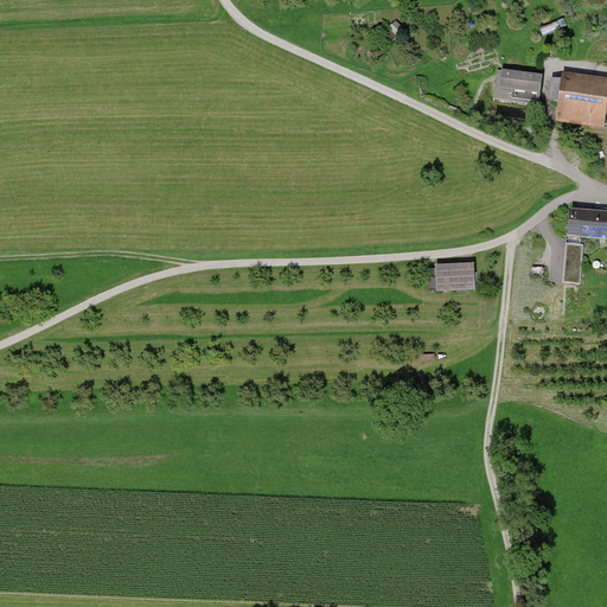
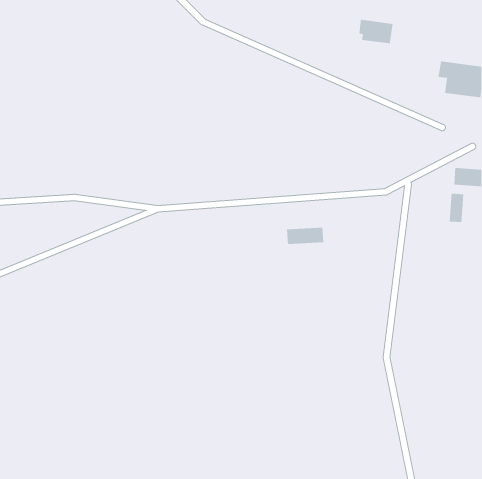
building: [498,68,542,100] -> [358,19,393,44]
building: [427,264,474,287] -> [286,227,324,245]

